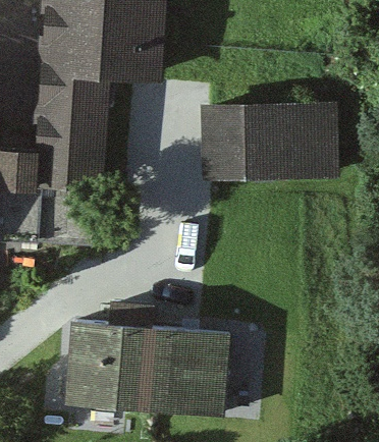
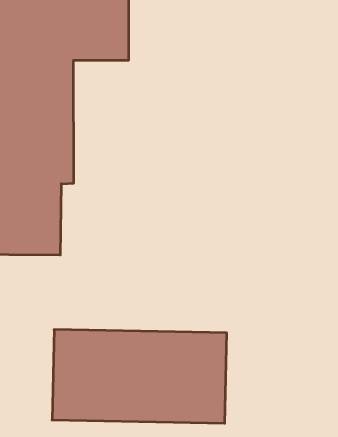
building: [202,109,332,179] -> none

